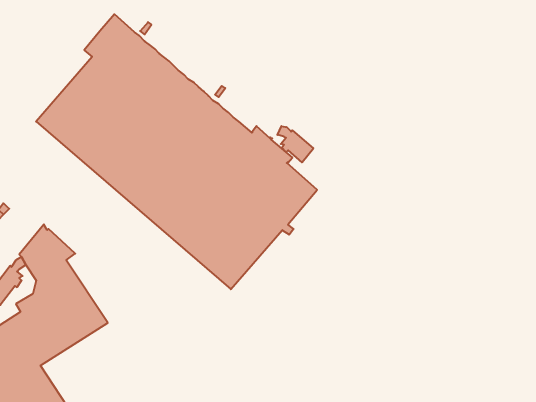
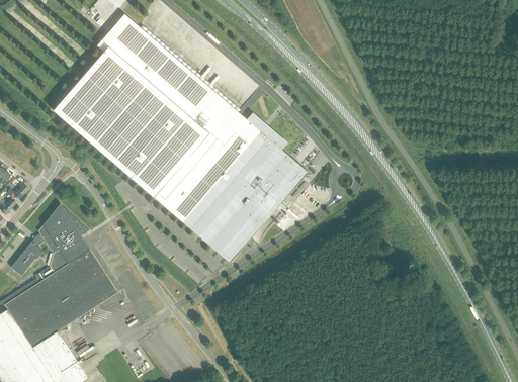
building: [277,126,313,162] -> none

